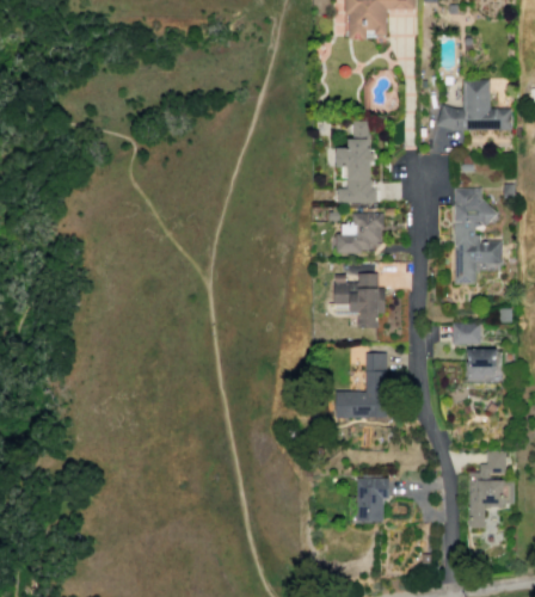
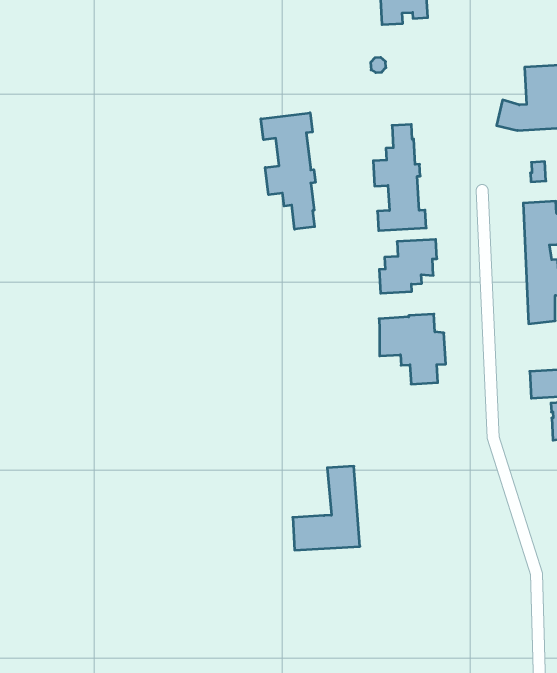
building: none -> [261,113,315,229]
building: [336,353,388,418] -> [293,466,360,550]
building: [356,479,389,522] -> none

